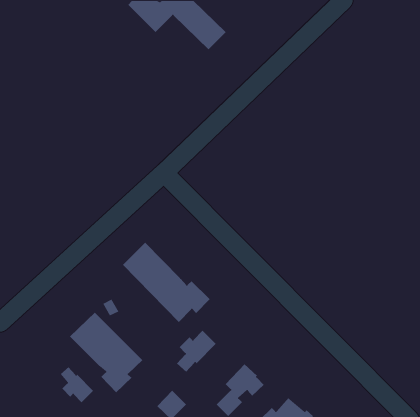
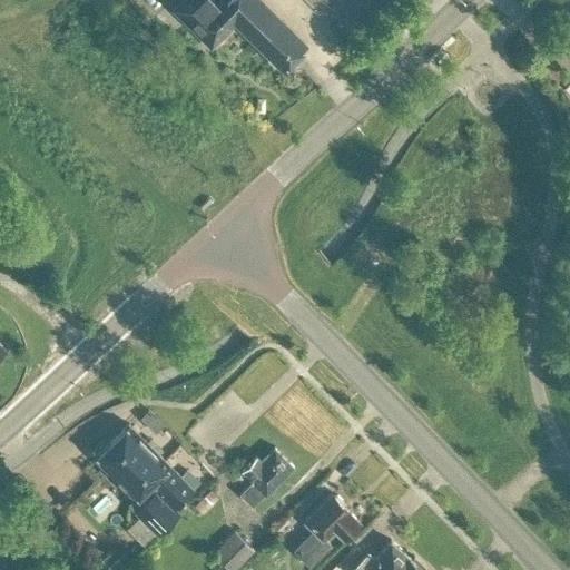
building: [122,242,210,323] -> none
building: [60,367,94,403] -> none

